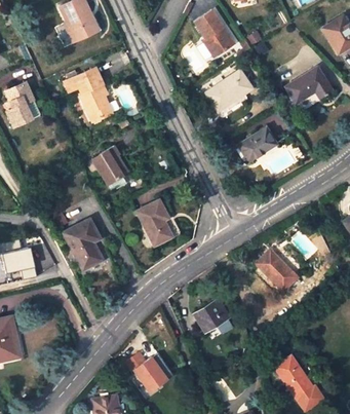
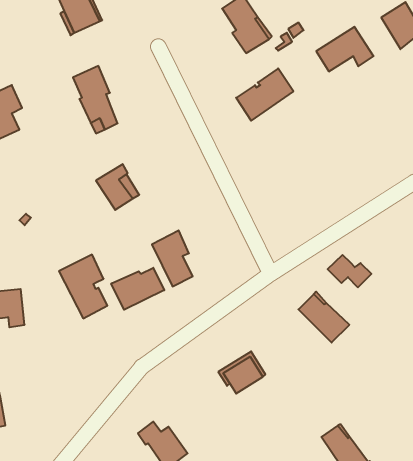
building: [286,67,333,103] -> [316,27,374,71]
building: [239,127,277,161] -> none
building: none -> [328,255,371,287]
building: none -> [111,268,164,310]

